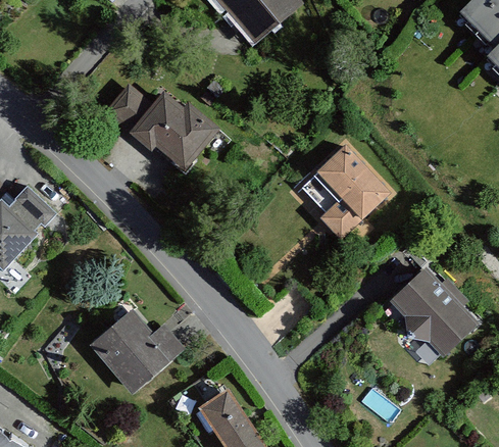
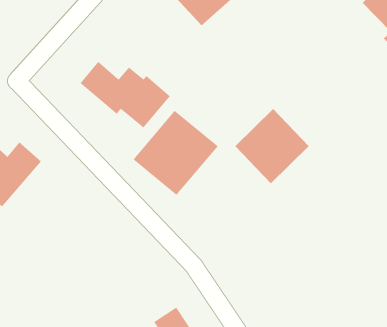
building: none -> [133,110,219,196]
building: [391,264,485,359] -> none
building: [83,311,172,402] -> none

